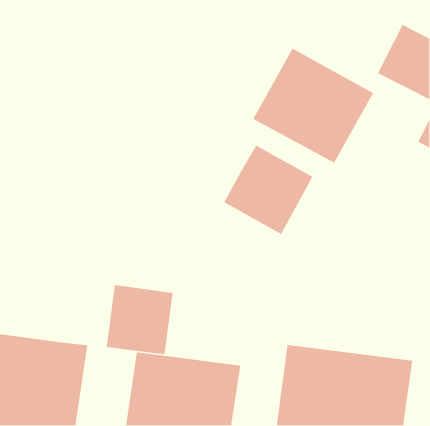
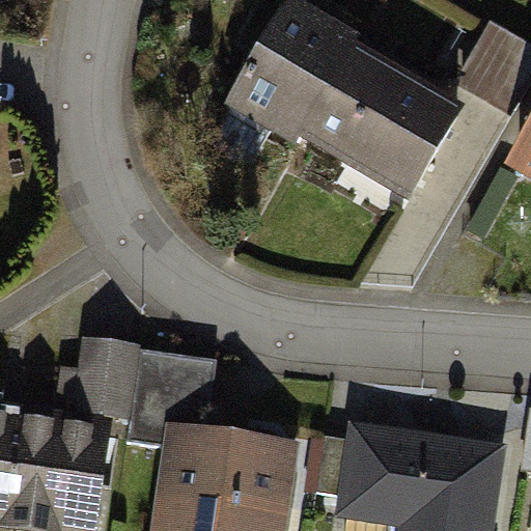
building: none -> [237,11,356,147]
building: [223,144,314,235] -> none
building: none -> [73,341,140,426]

